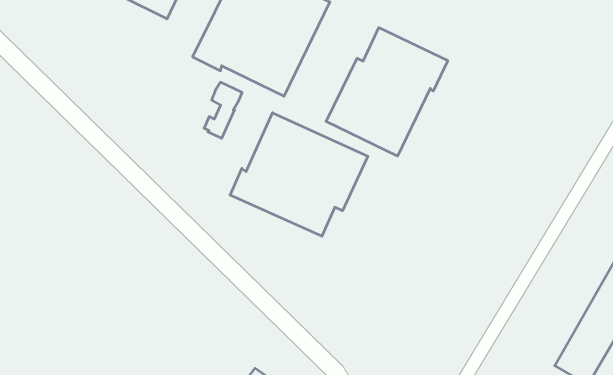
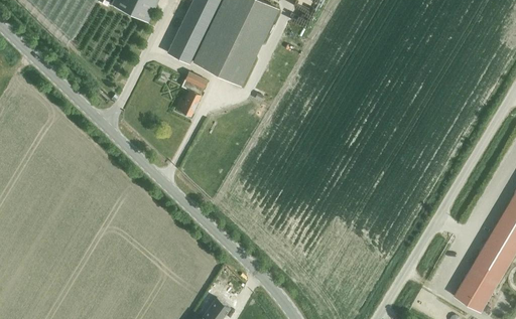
building: [326,28,448,156] -> none
building: [230,113,368,236] -> none

